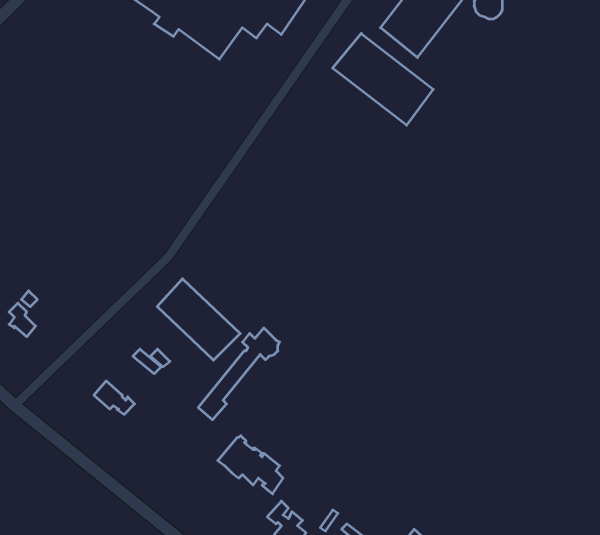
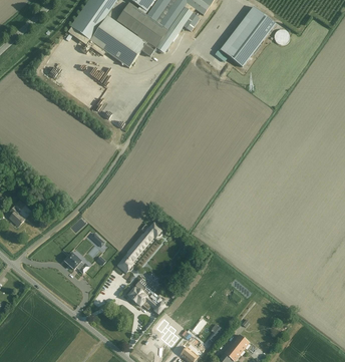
building: [333,33,433,125] -> none
building: [157,279,240,360] -> none

